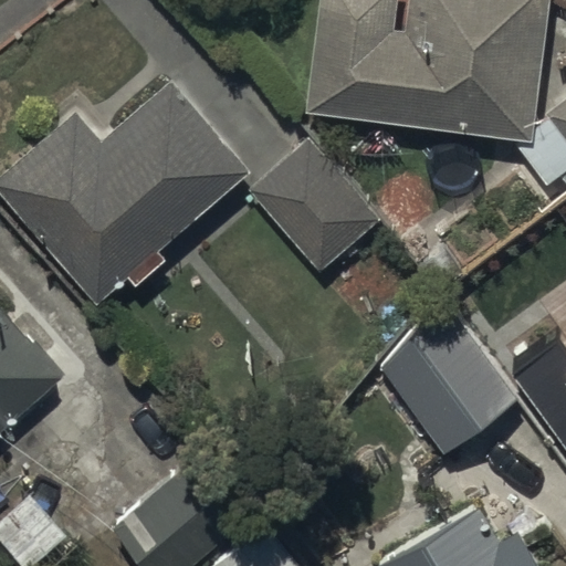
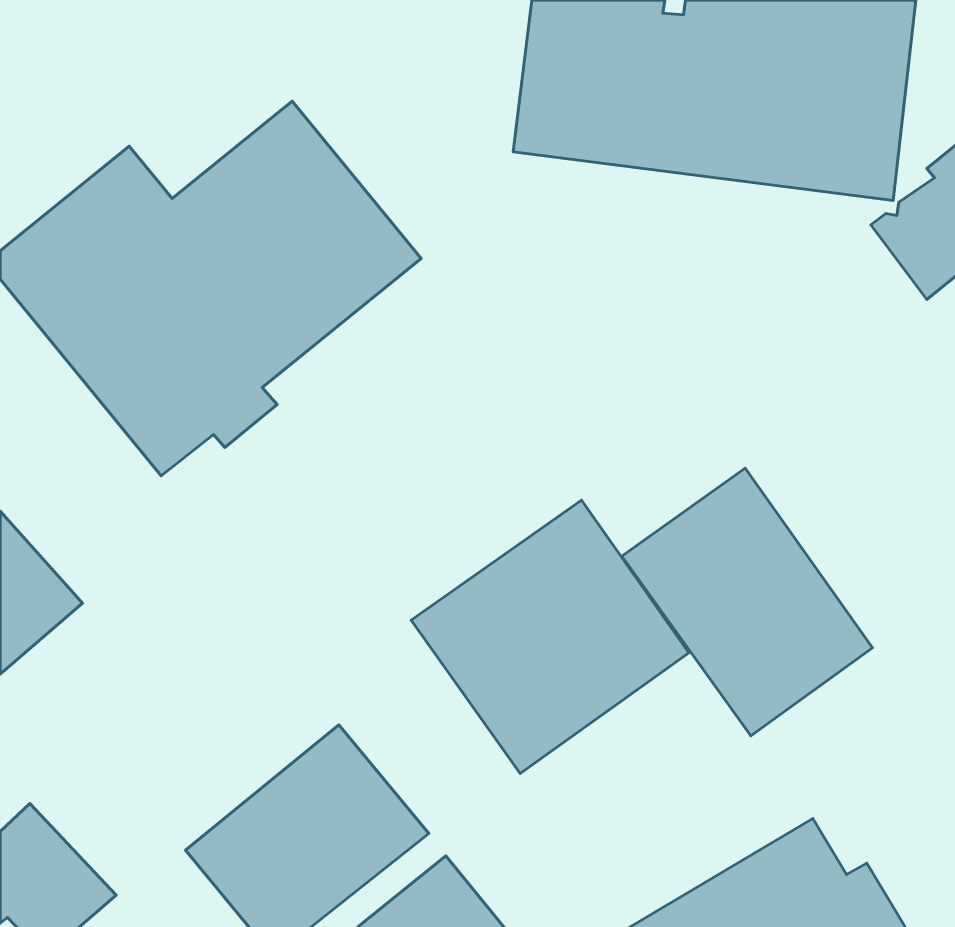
building: [252,140,380,272] -> none
building: none -> [411,500,689,774]

